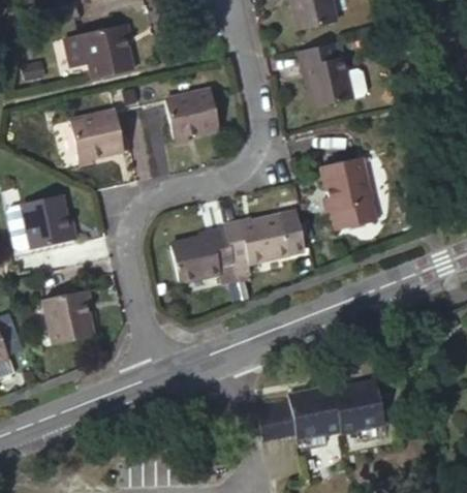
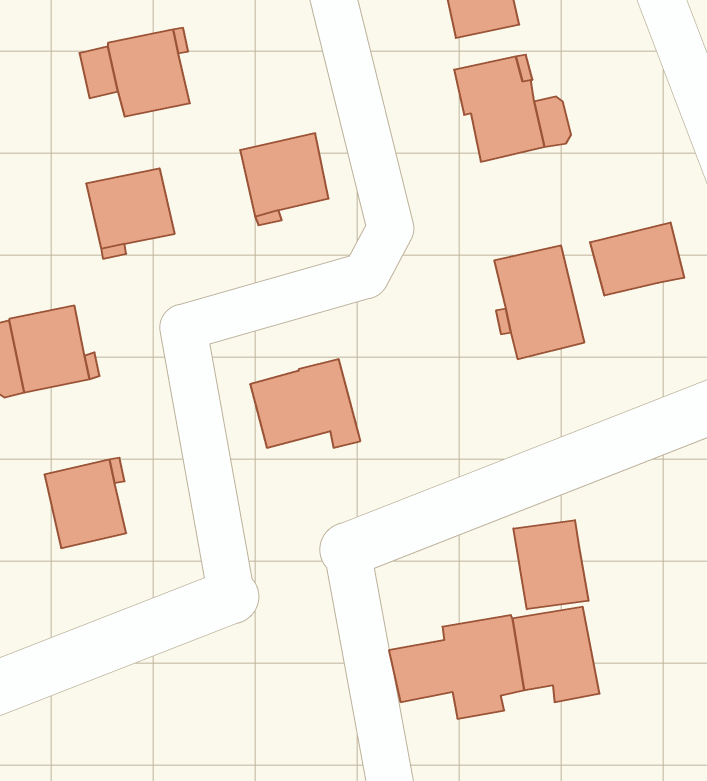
building: none -> [590,222,684,296]
building: [224,209,306,274] -> none
building: none -> [513,520,588,609]

